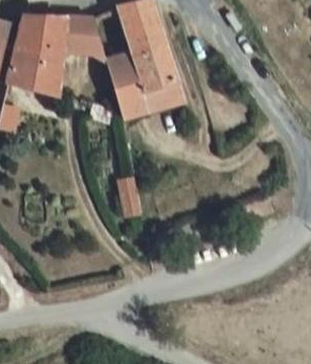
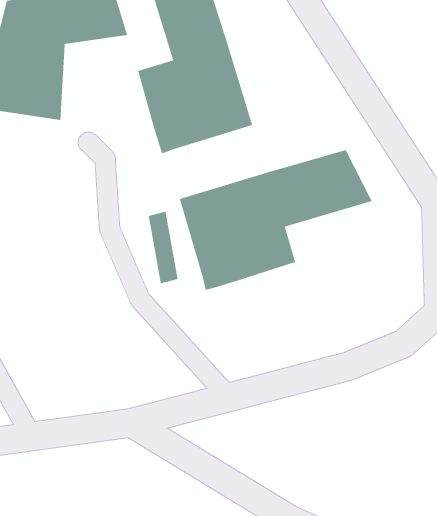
building: none -> [179,149,373,291]

